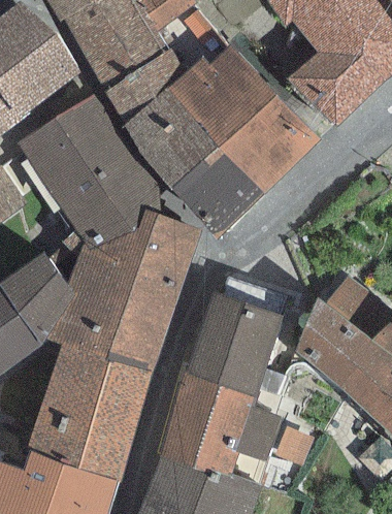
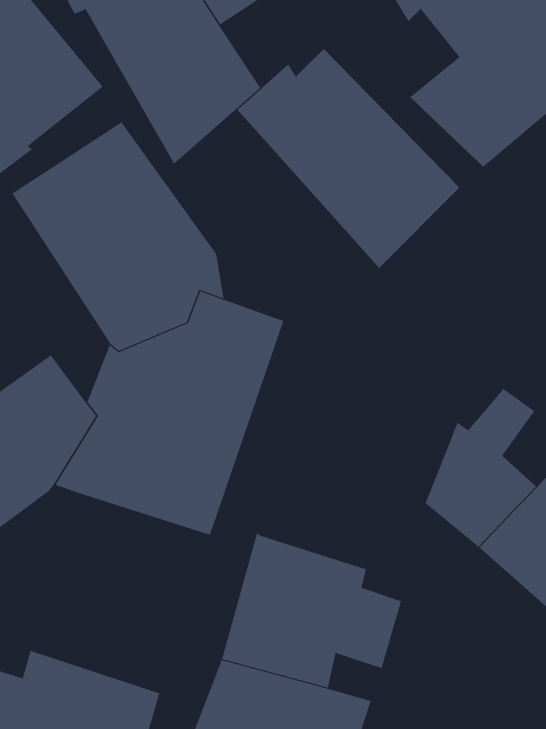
building: [123,87,265,235] -> none
building: [186,292,283,396] -> none
building: [26,345,152,480] -> none

